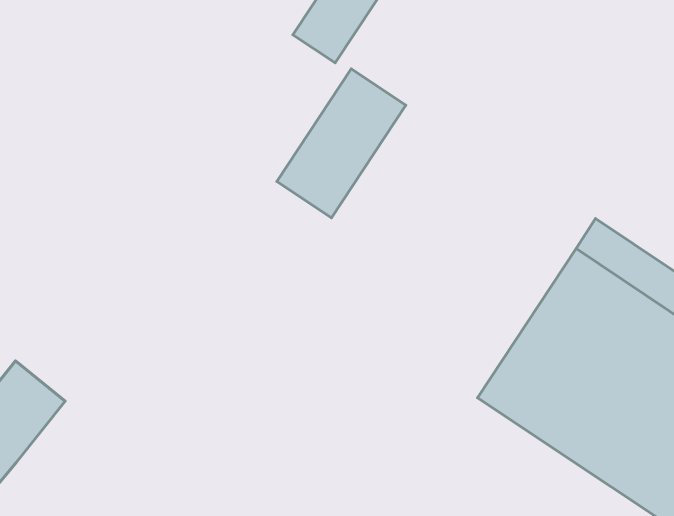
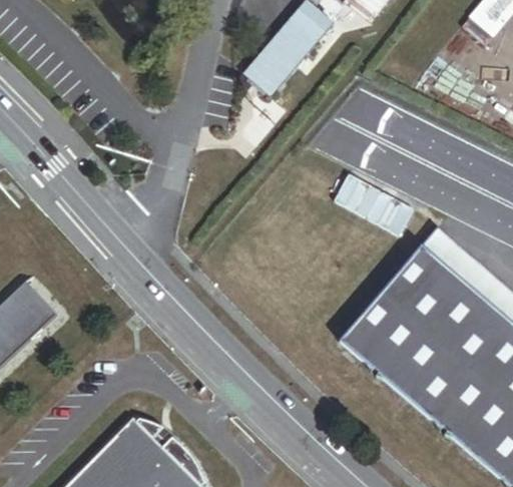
building: [277,69,406,218] -> none

